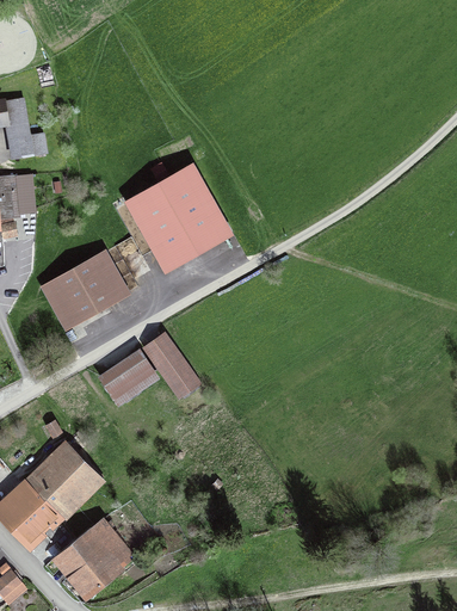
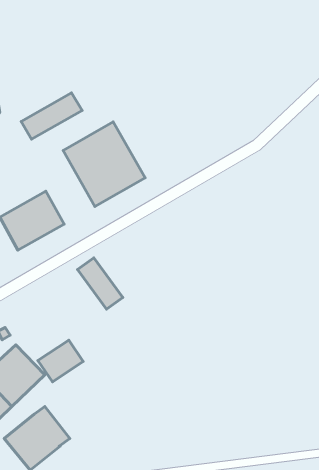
building: none -> [21,93,82,139]
building: [99,351,155,402] -> [38,340,83,382]

